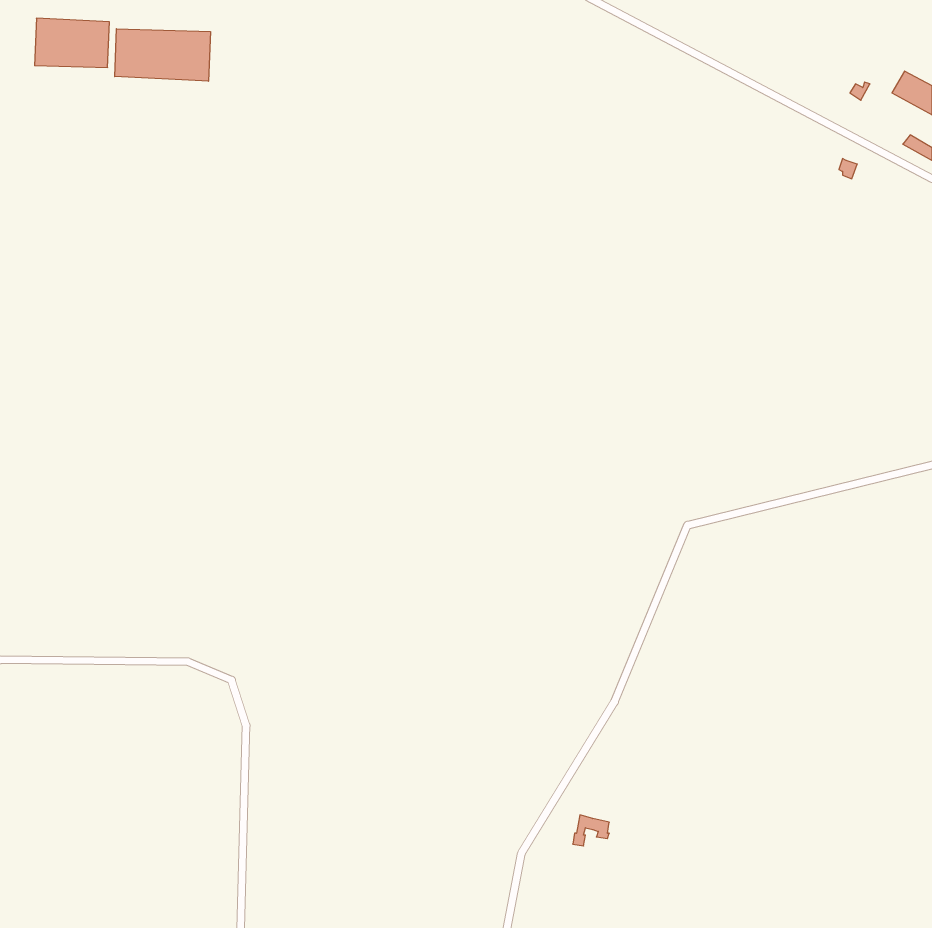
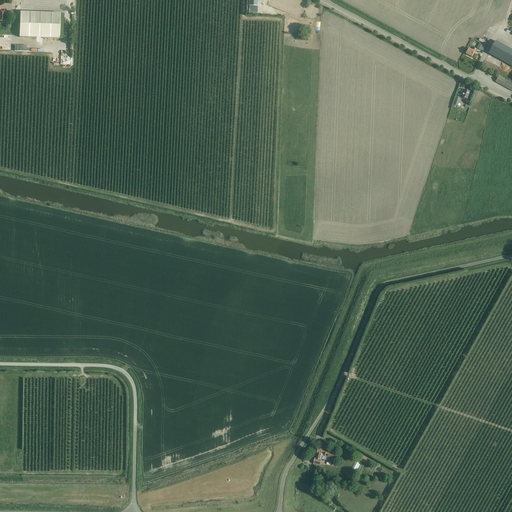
building: [115,29,210,81] -> none

